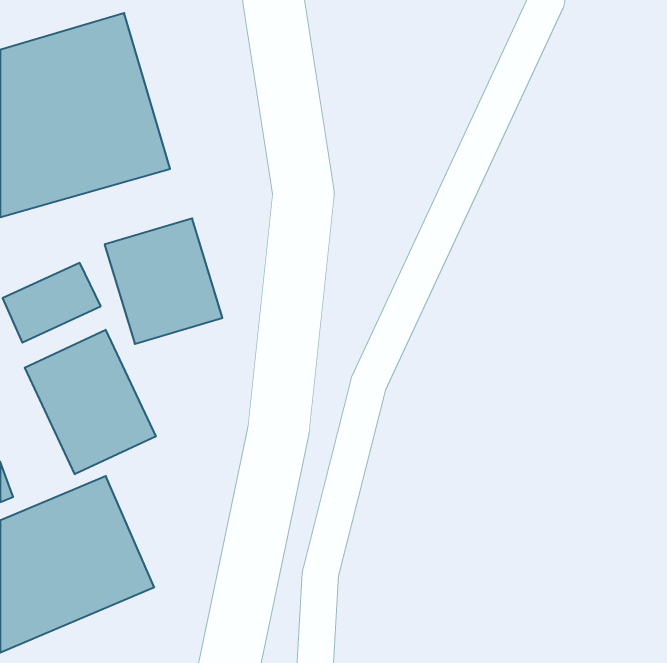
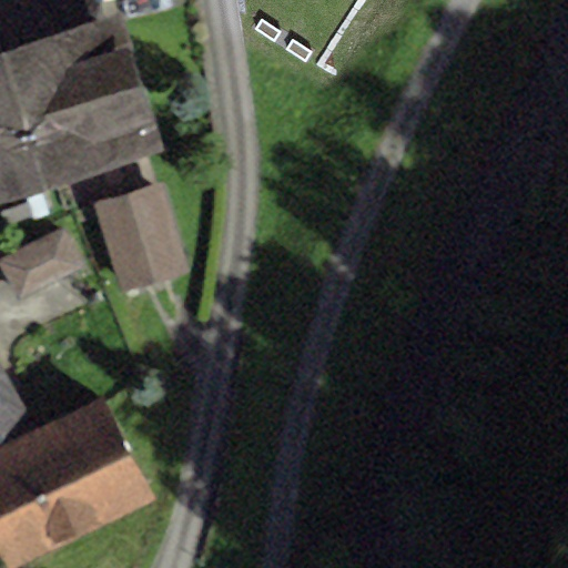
building: [25,330,156,474] -> none

